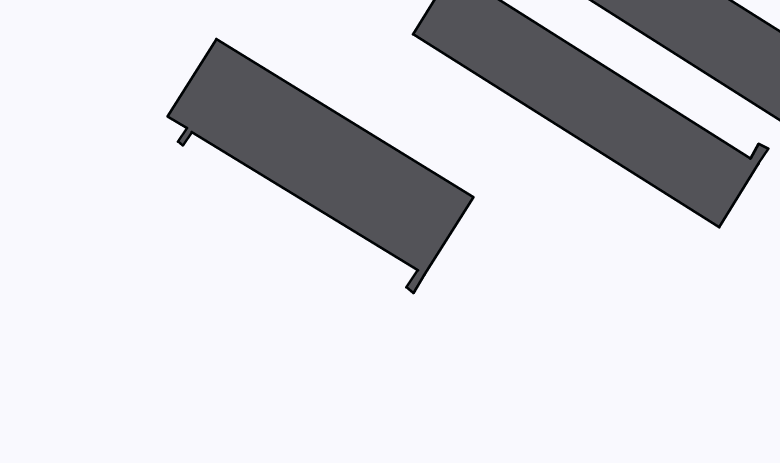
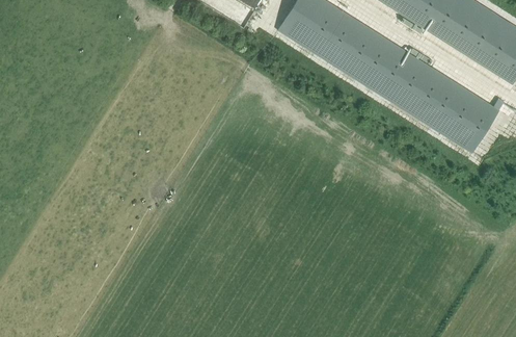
building: [168,39,473,293] -> none

